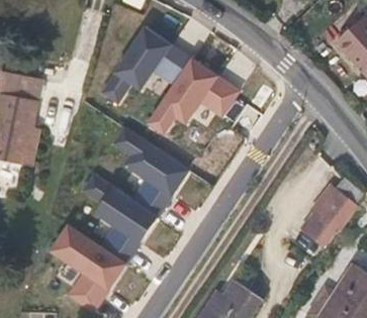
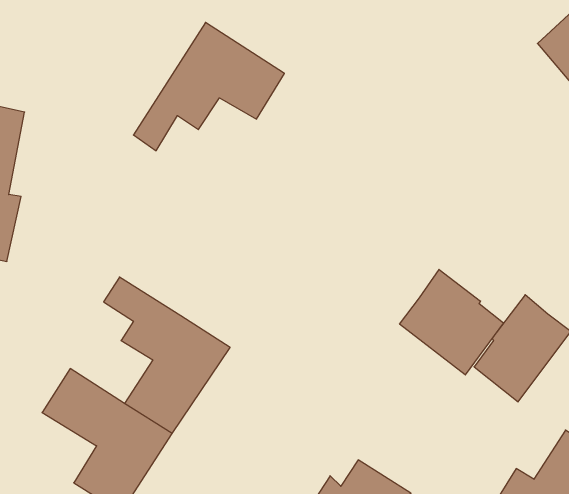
building: [150,58,238,131] -> none
building: [116,128,189,215] -> none
building: none -> [400,269,503,375]

